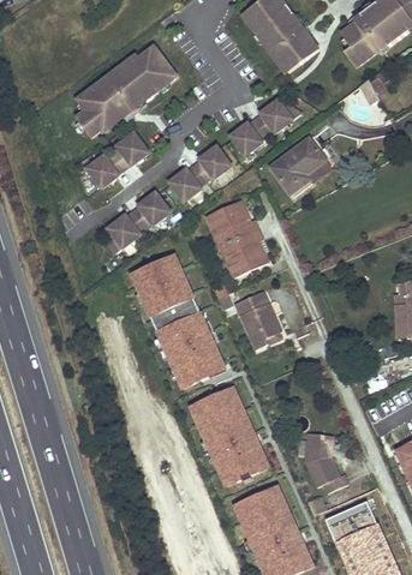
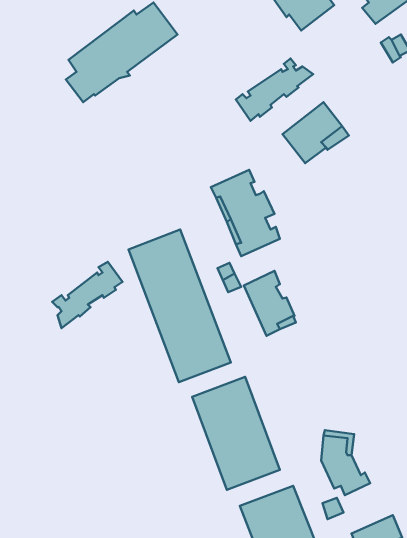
building: [86,134,148,186] -> none
building: [166,145,228,199] -> none
building: [103,192,167,252] -> [52,262,122,328]

